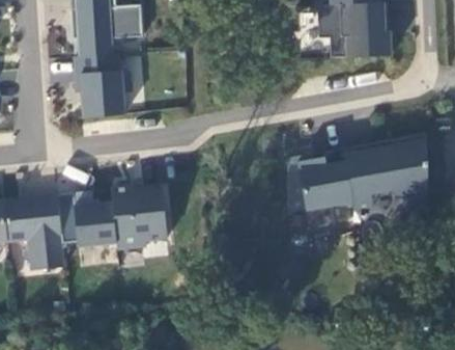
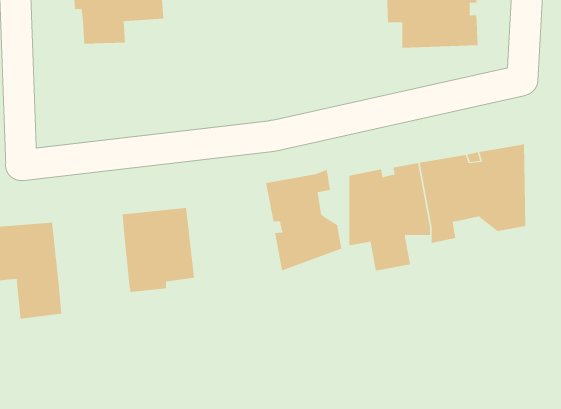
building: [75,50,129,114] -> none
building: none -> [265,169,342,271]
building: [56,187,115,243] -> none

